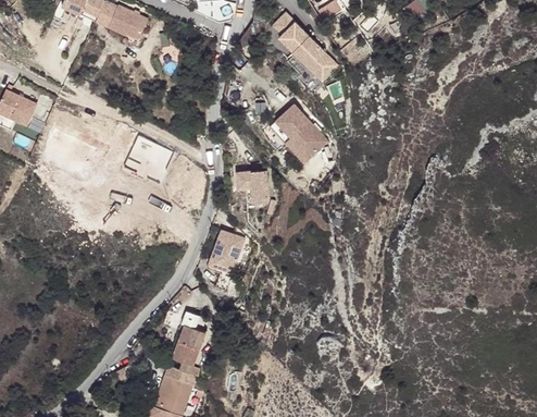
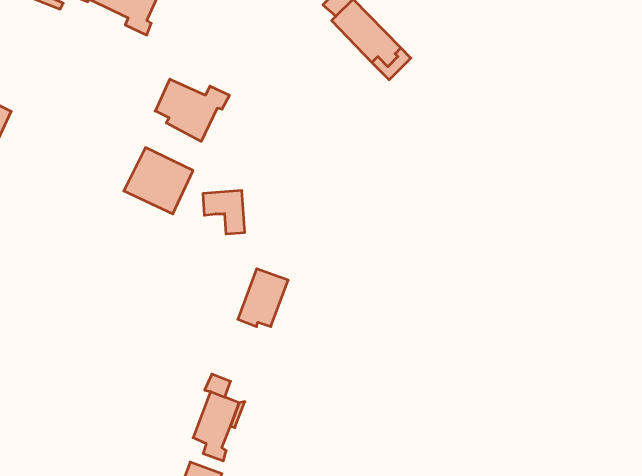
building: none -> [155,79,229,141]
building: [268,105,327,164] -> none
building: [237,168,268,200] -> [203,191,245,234]

